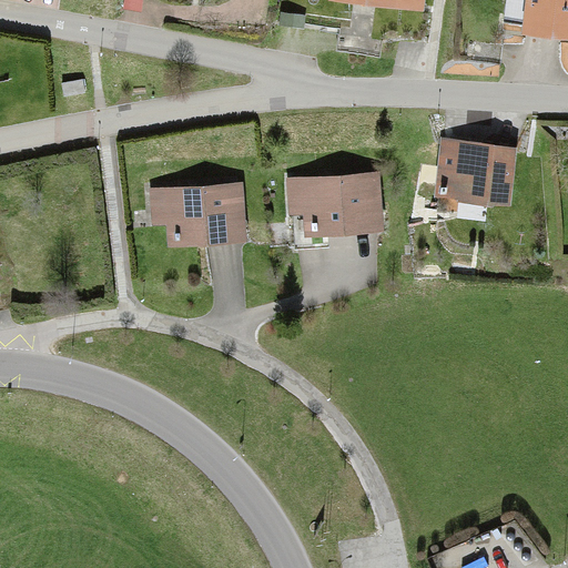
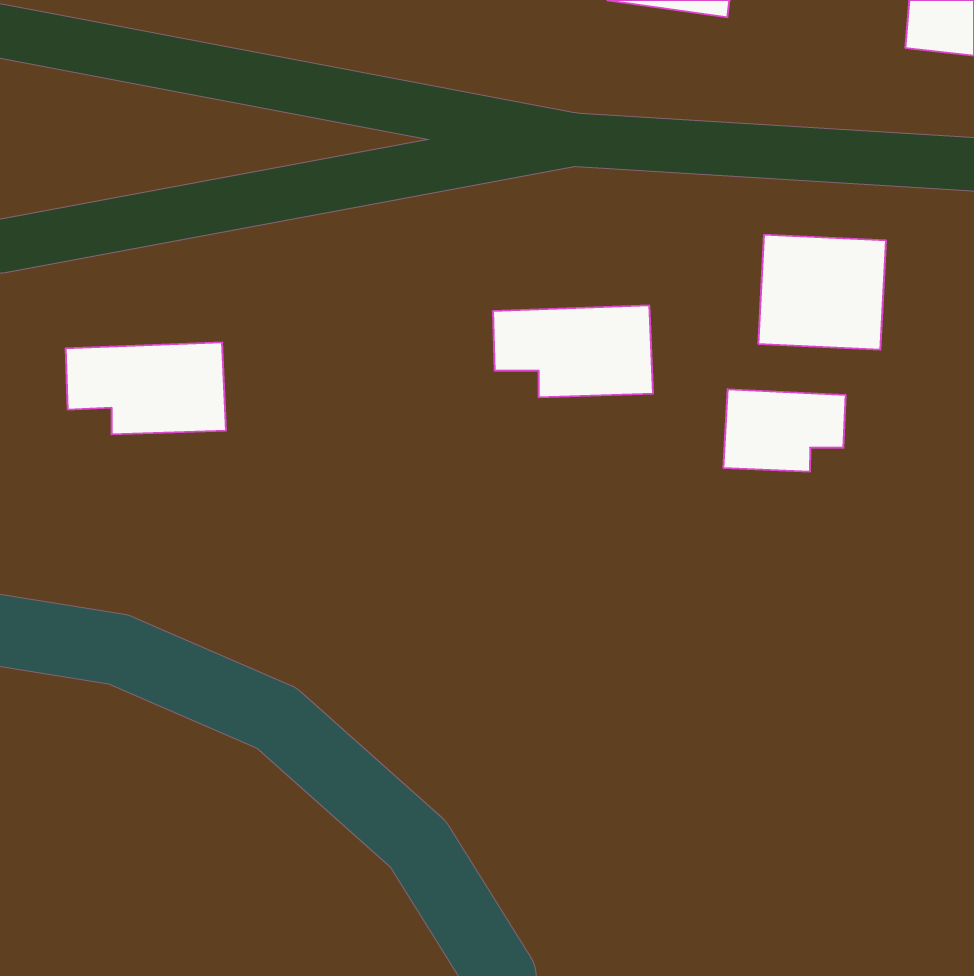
building: [151,187,244,241] -> [66,343,226,434]
building: none -> [724,389,845,472]

